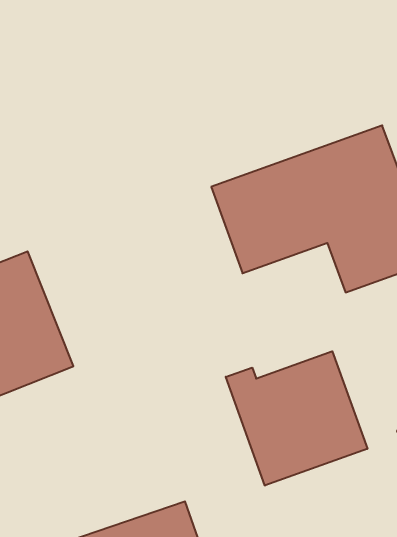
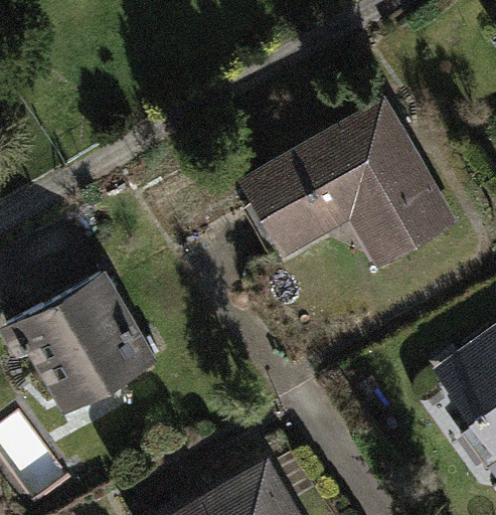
building: [226,351,367,486] -> none

